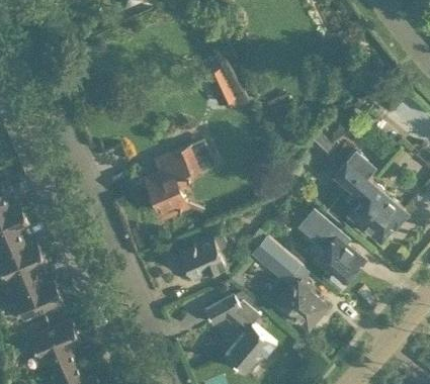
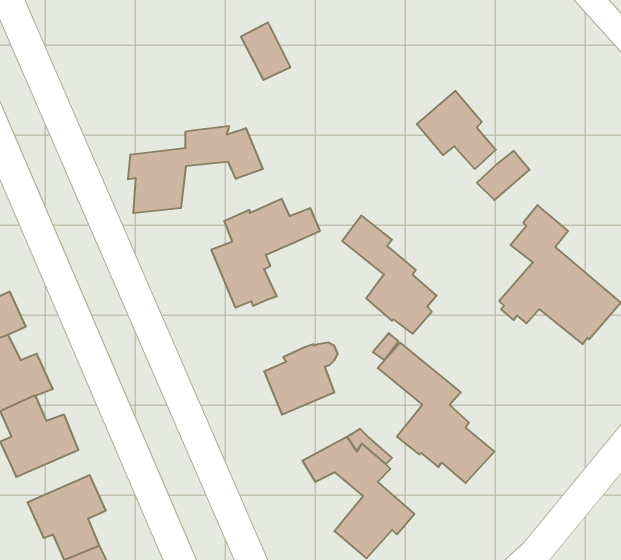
building: [207,70,239,106] -> [241,22,290,80]
building: none -> [417,91,496,169]
building: none -> [128,126,263,213]
building: [299,209,359,284] -> [342,215,437,334]

